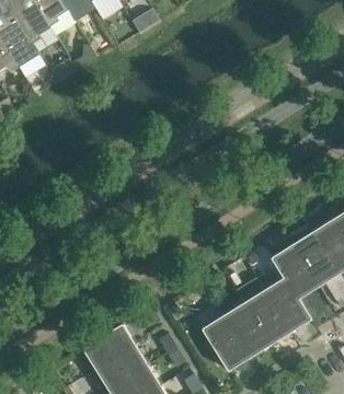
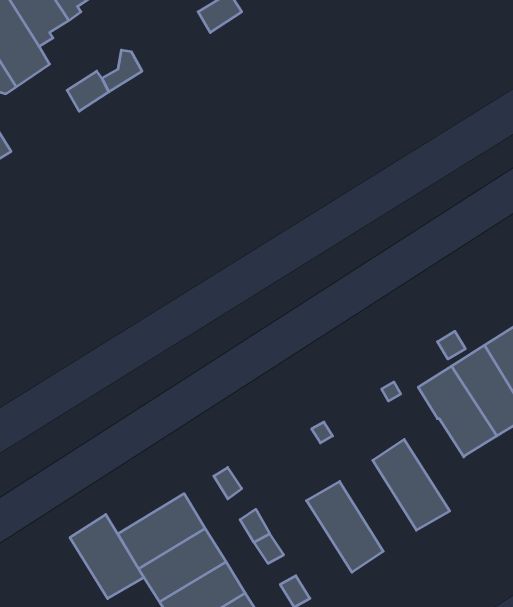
building: [262,275,312,333] -> none
building: [221,301,270,358] -> none
building: none -> [70,514,144,599]

